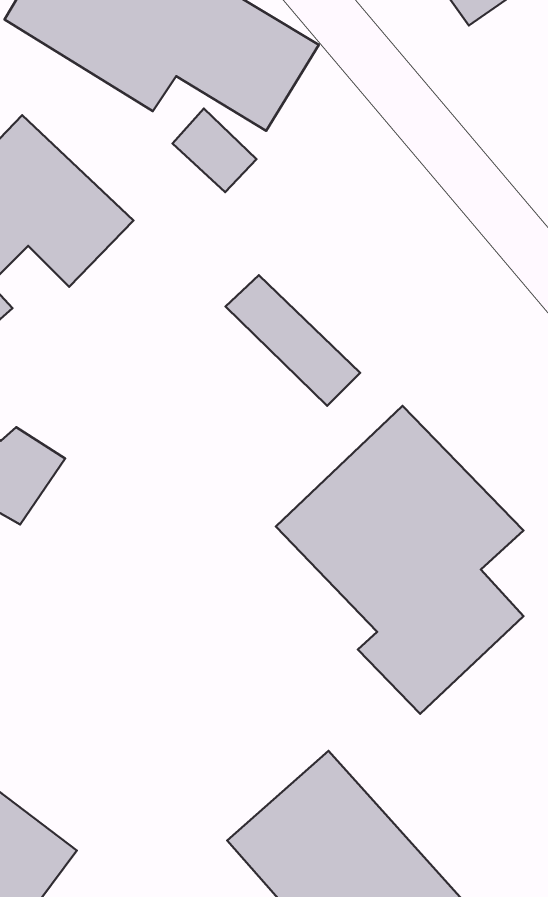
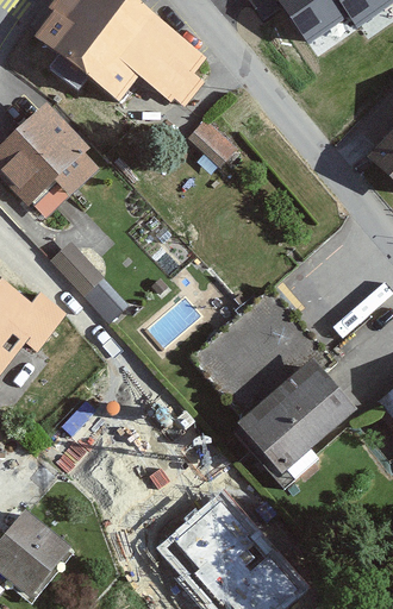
building: [172,108,256,192] -> [189,114,241,165]
building: [226,275,360,406] -> [51,240,133,320]

